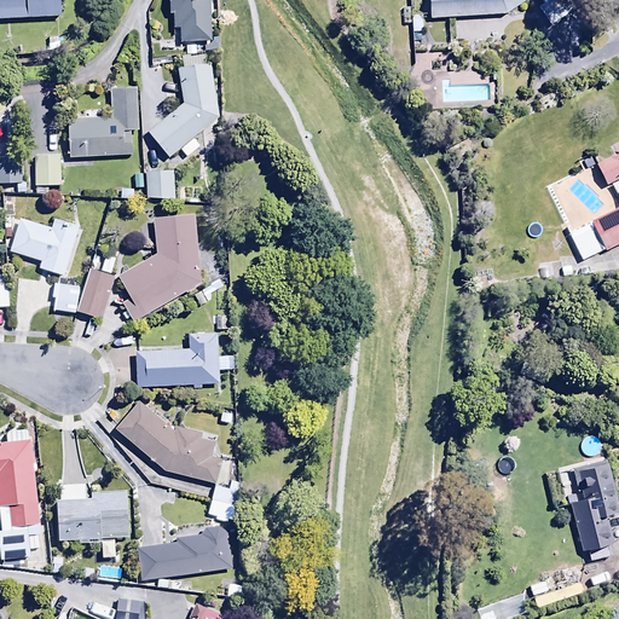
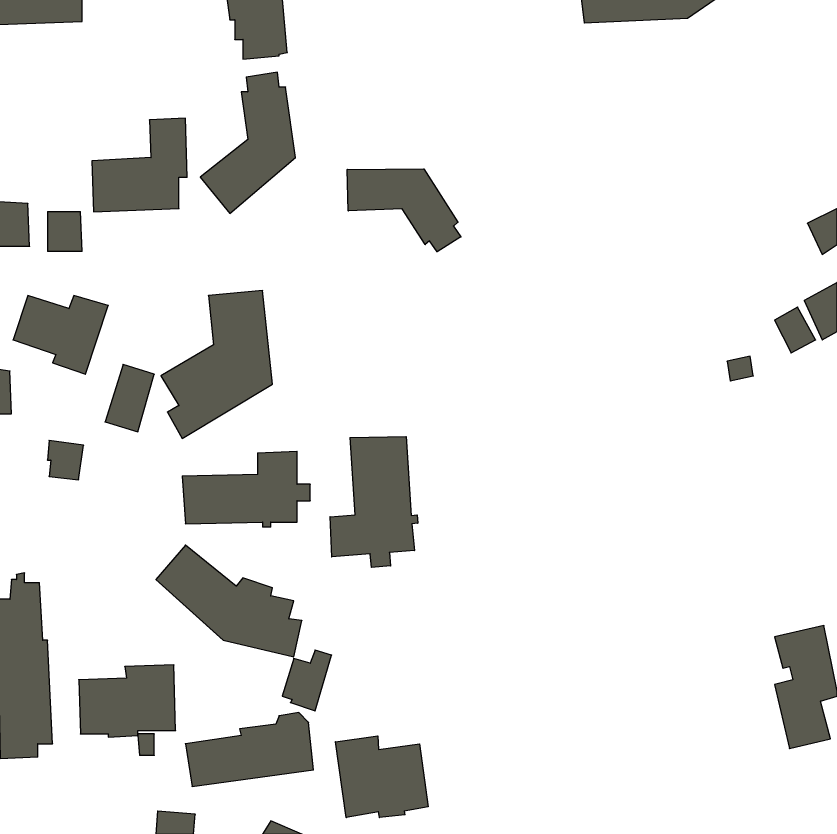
building: none -> [347,169,461,252]
building: [146,170,174,198] -> none
building: [53,283,80,312] -> [47,440,84,480]
building: none -> [330,437,418,567]
building: none -> [335,736,428,818]

